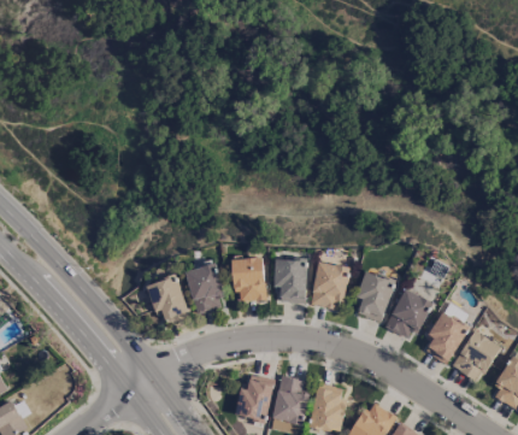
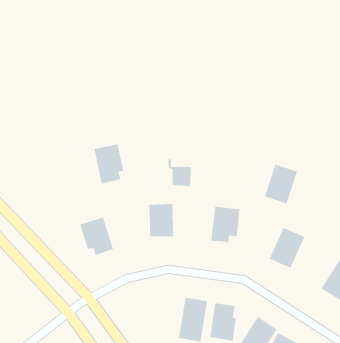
building: [187,263,225,313] -> [93,144,124,184]
building: [277,268,307,302] -> [168,159,192,186]
building: [353,271,395,322] -> [264,164,298,204]
building: [424,311,470,364] -> none
building: [235,374,275,422] -> none

